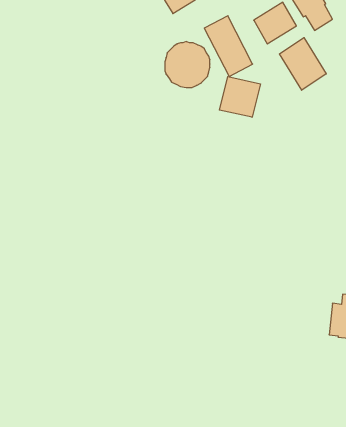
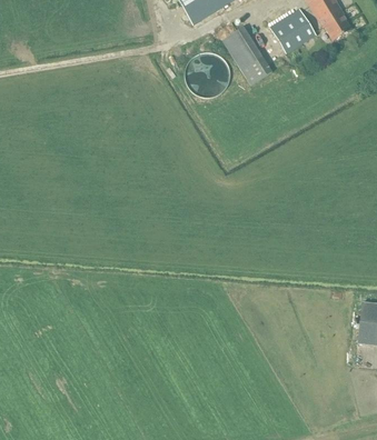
building: [279,38,326,90] -> none
building: [219,77,260,117] -> none

